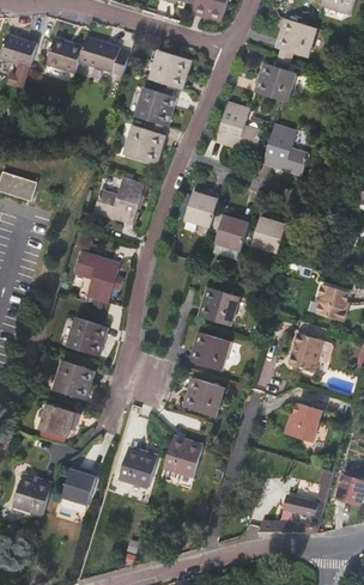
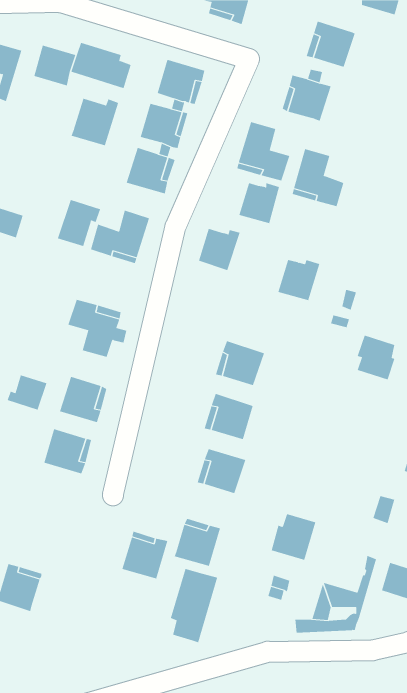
building: none -> [71,98,119,146]
building: none -> [57,199,101,247]
building: [214,217,249,251] -> [239,183,280,224]
building: none -> [7,374,47,410]
building: [290,331,333,371] -> none
building: [285,402,323,441] -> [271,514,316,560]
building: [37,404,77,438] -> none
building: [61,470,96,506] -> none
building: none -> [170,568,218,643]

